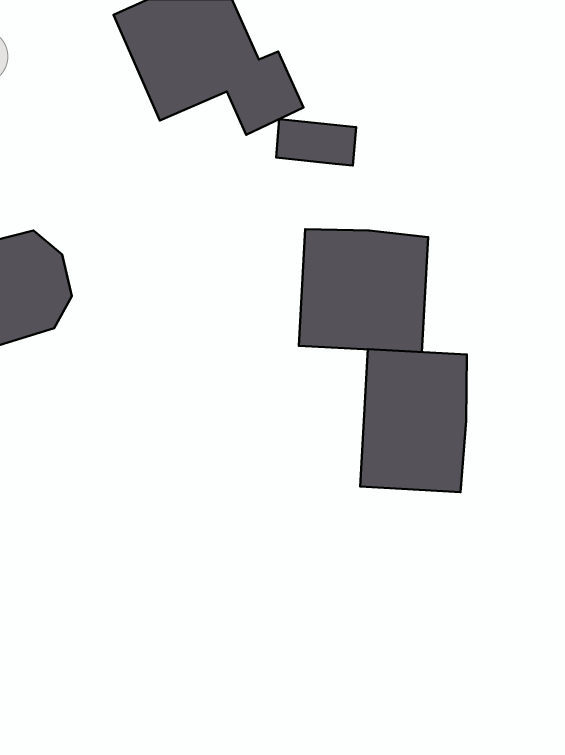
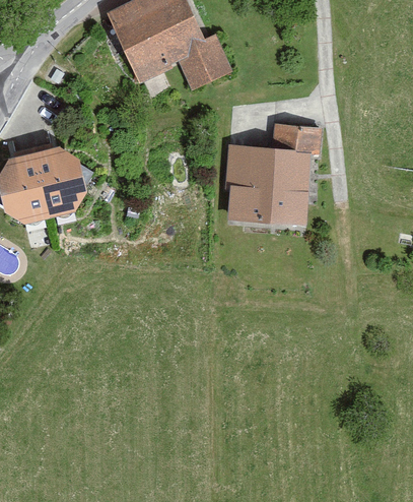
building: [276,119,356,165] -> [272,123,323,152]
building: [360,349,467,492] -> none

